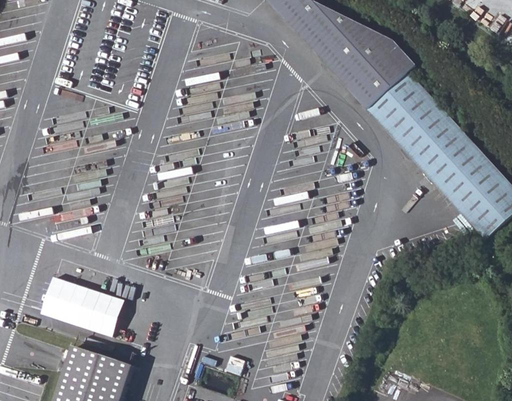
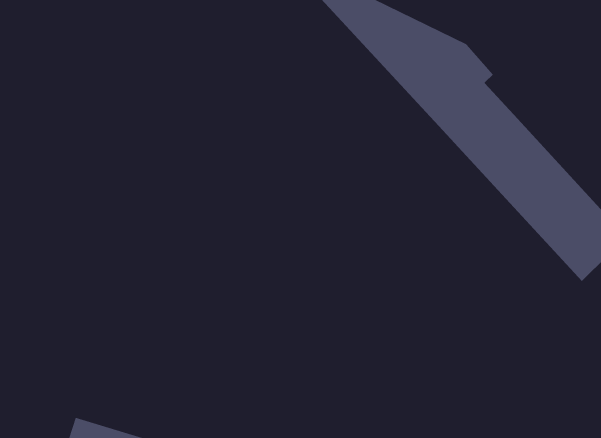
building: [40,277,125,341] -> none

